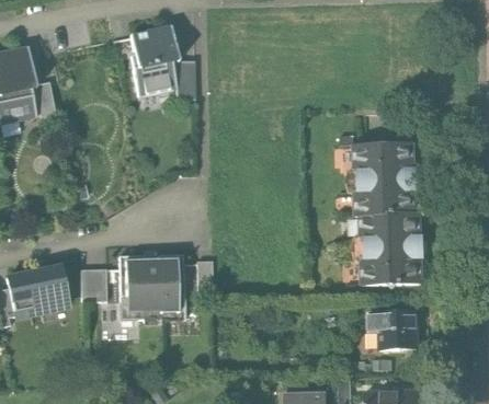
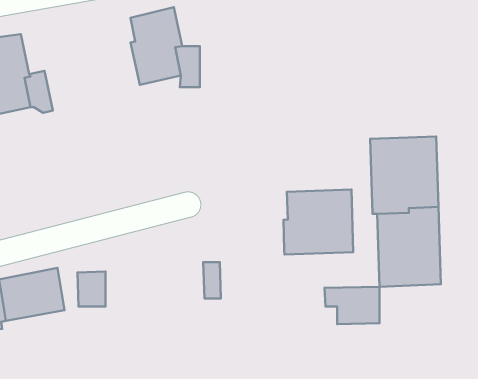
building: none -> [283,190,353,255]
building: [118,253,184,321] -> none
building: [368,312,420,347] -> [324,287,380,324]

